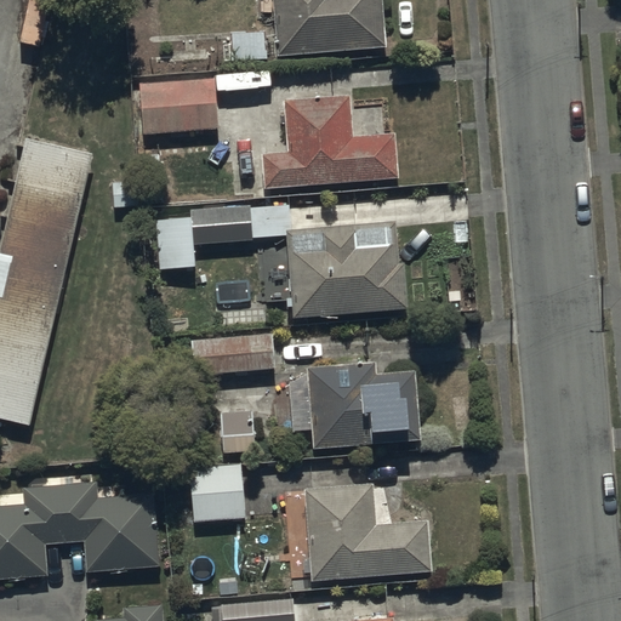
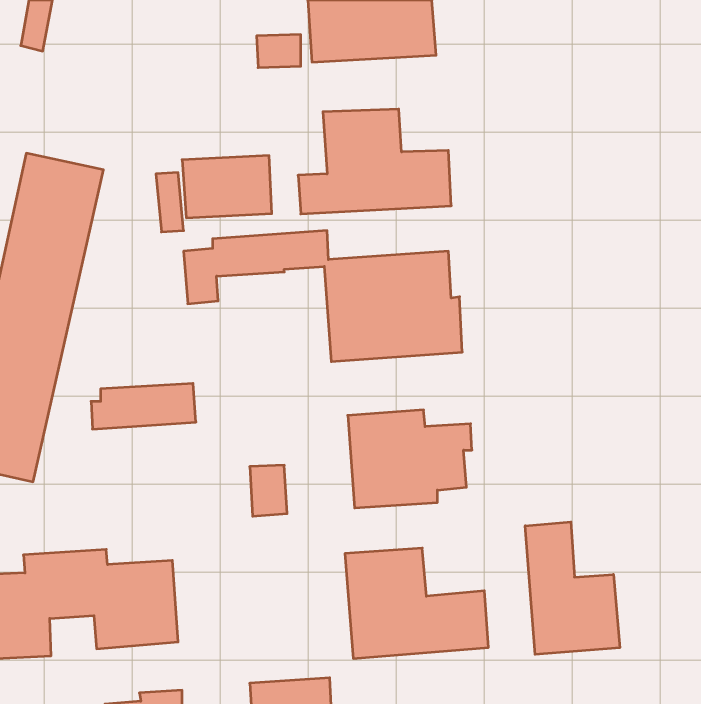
building: [137,79,216,133] -> [182,156,272,218]
building: [181,335,273,375] -> [91,383,196,429]
building: none -> [525,522,620,654]
building: [186,463,244,523] -> none

